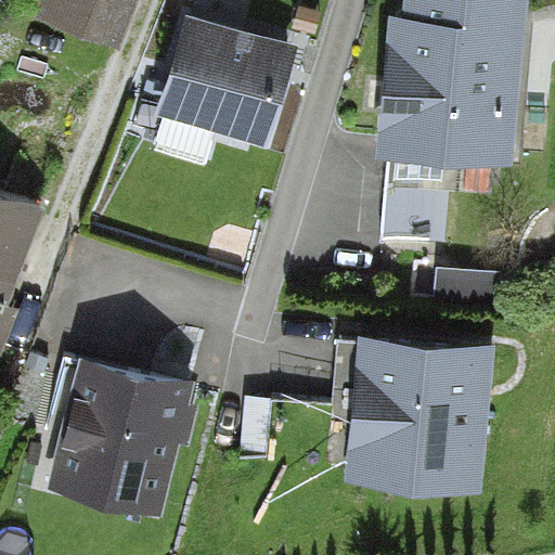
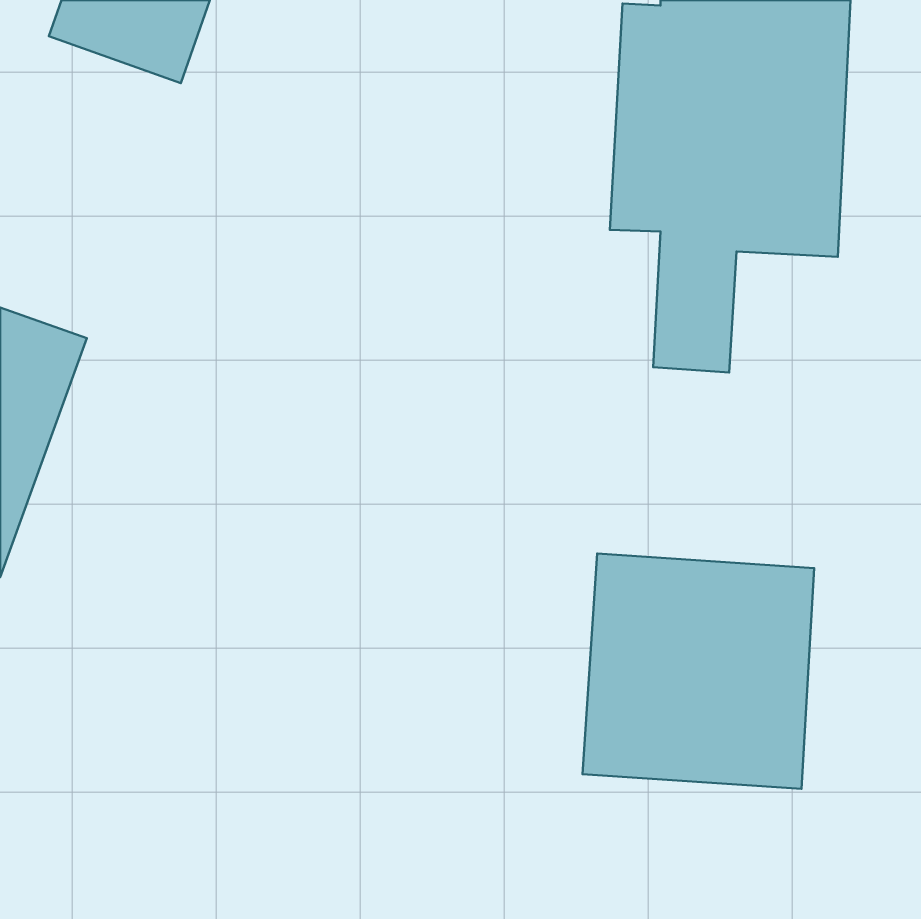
building: [156,23,295,158] -> none
building: [48,359,195,515] -> none

